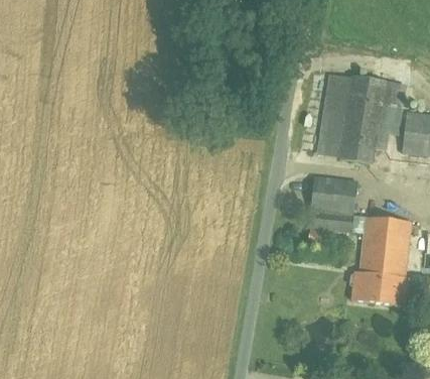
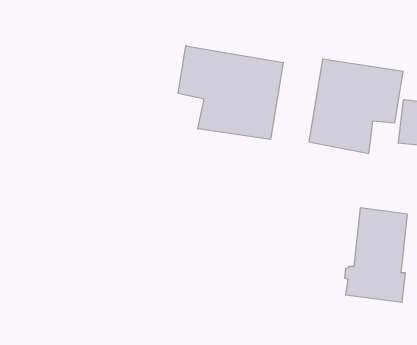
building: none -> [178,46,283,139]
building: [307,174,357,244] -> none

